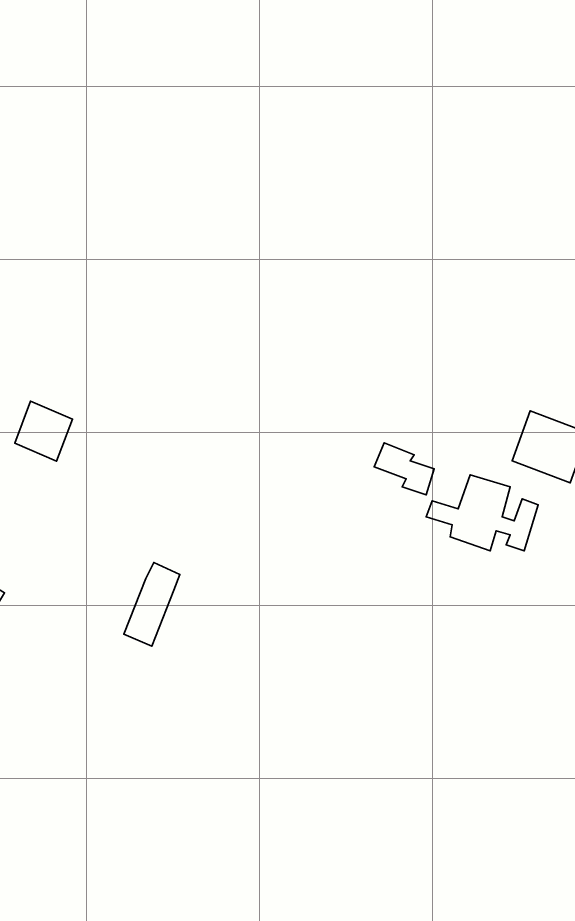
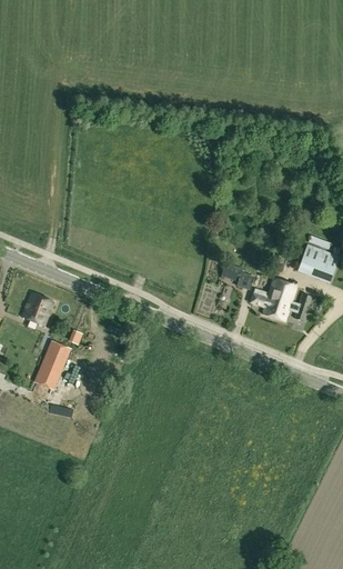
building: [15,401,73,461] -> [21,291,53,325]
building: [124,562,180,646] -> [37,341,68,388]

